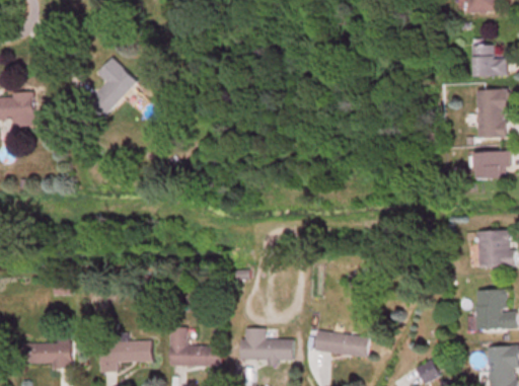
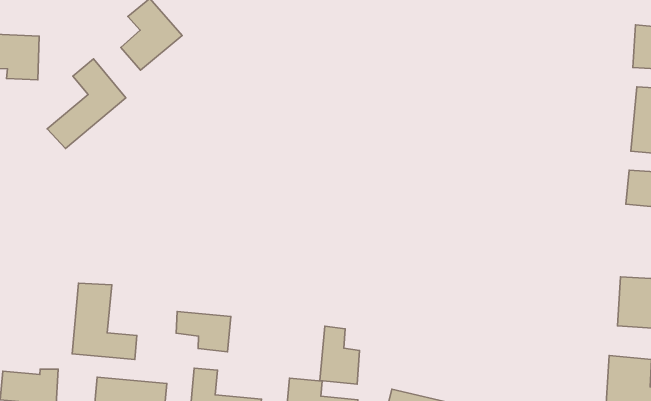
building: none -> [47,59,126,148]
building: none -> [72,283,137,360]
building: none -> [176,312,231,352]
building: none -> [320,326,359,384]

